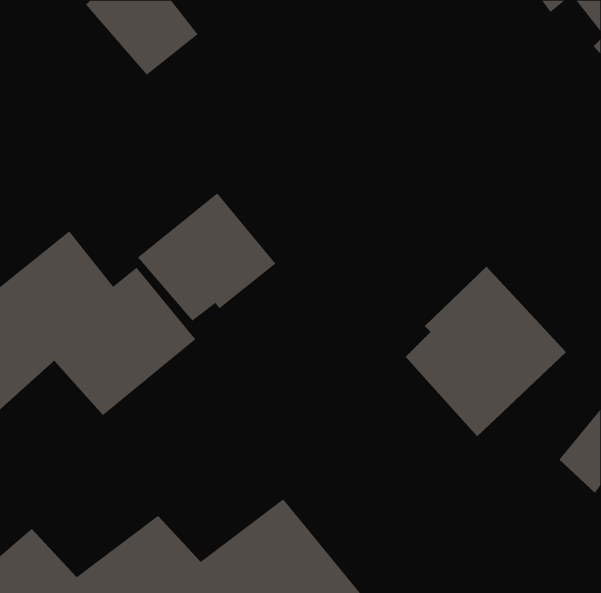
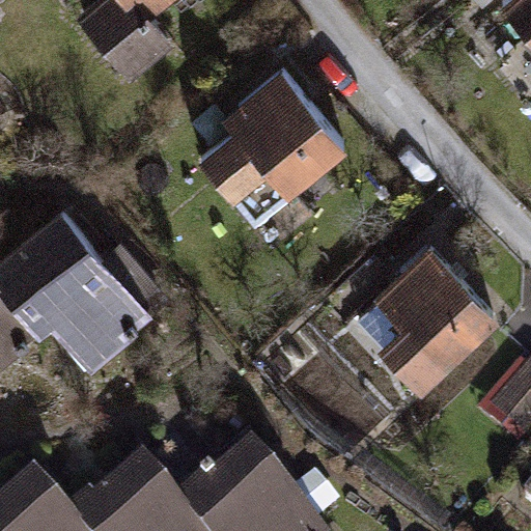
building: none -> [198,66,346,231]
building: [137,192,276,322] -> none

